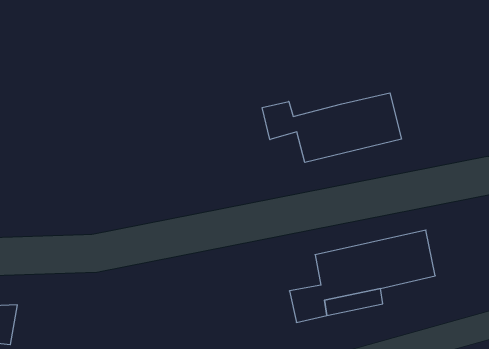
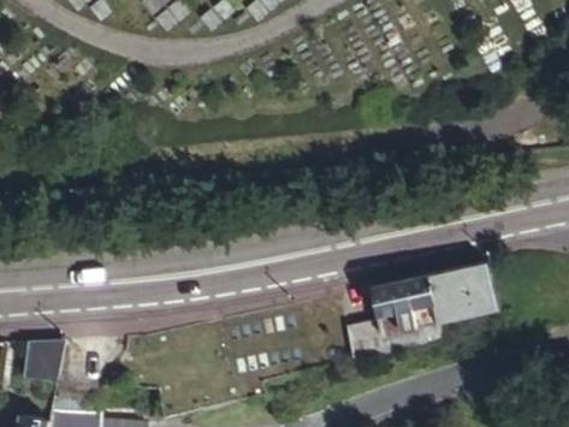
building: [262,93,401,162] -> none

